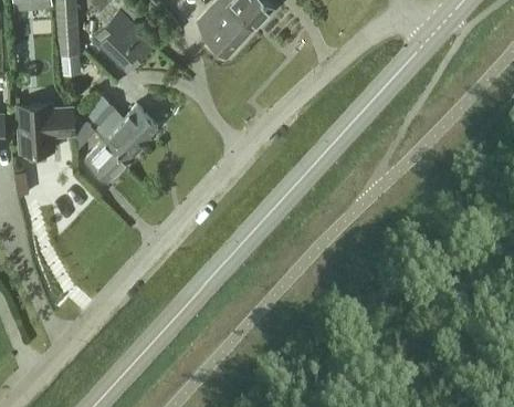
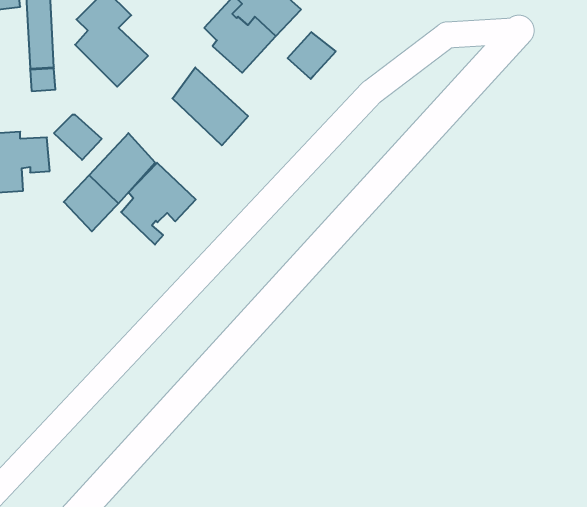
building: none -> [288,32,336,79]
building: none -> [172,67,248,145]
building: none -> [121,163,196,245]

